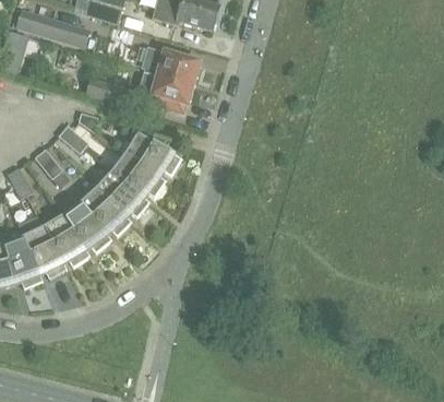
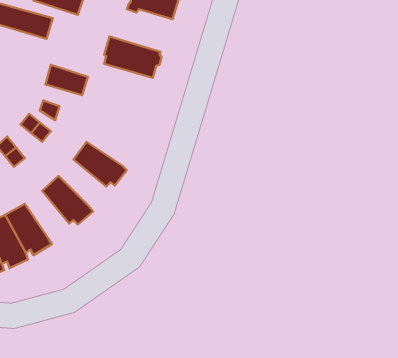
building: [139,73,191,113] -> none
building: [124,132,181,176] -> none
building: [96,169,149,216] -> none
building: [62,201,111,252] -> none

